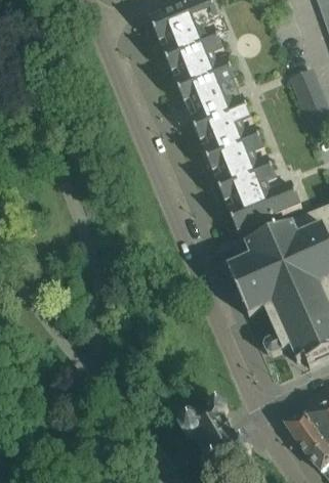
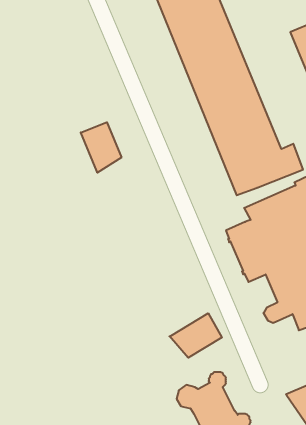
building: none -> [81,122,121,173]
building: none -> [169,313,222,358]

